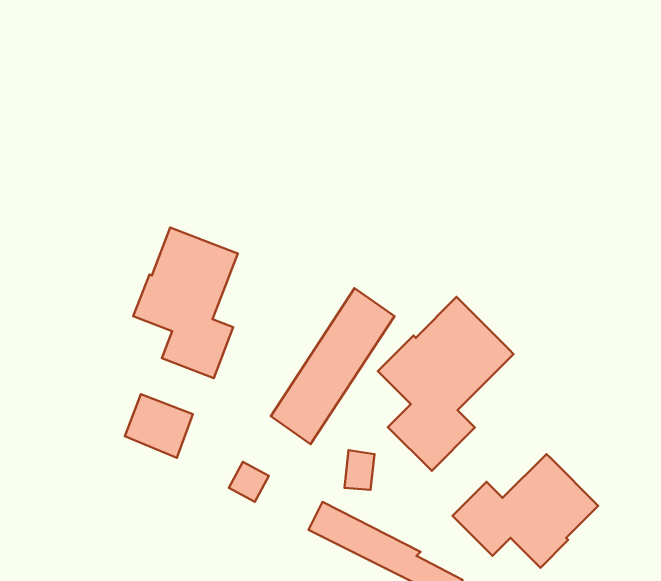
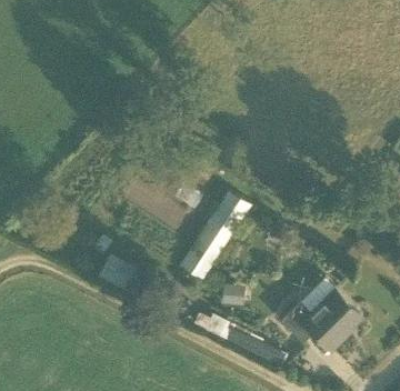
building: [133,228,238,378] -> none
building: [378,297,513,471] -> none

